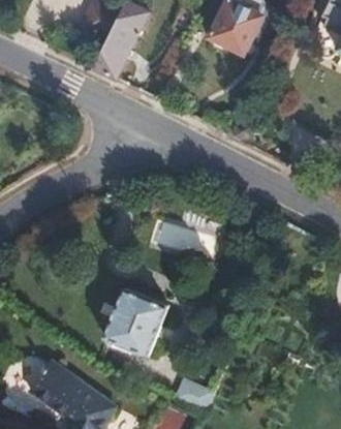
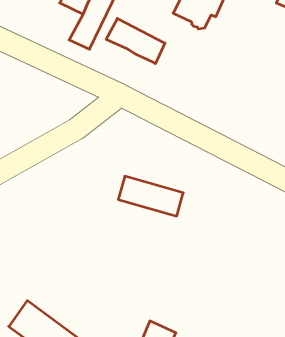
building: none -> [106,18,165,64]
building: [104,284,168,354] -> none

